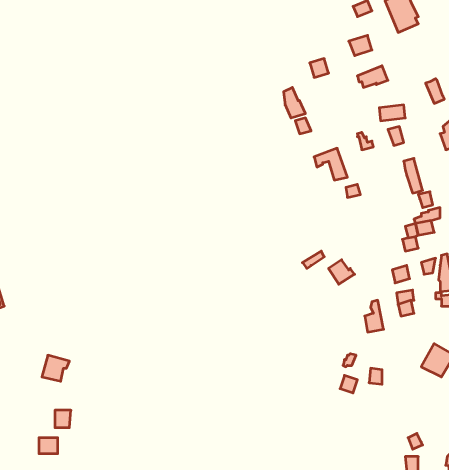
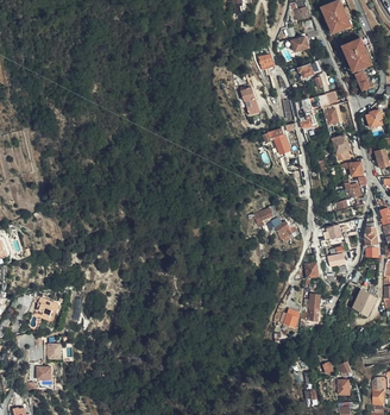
building: none -> [341,39,369,70]

